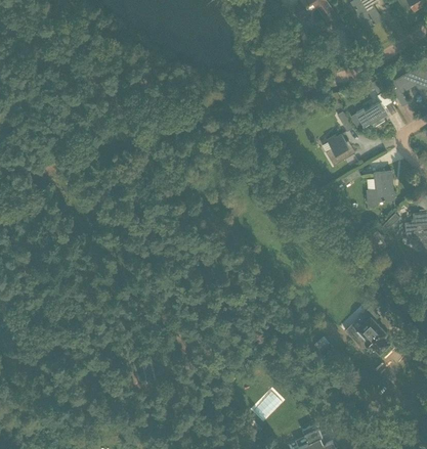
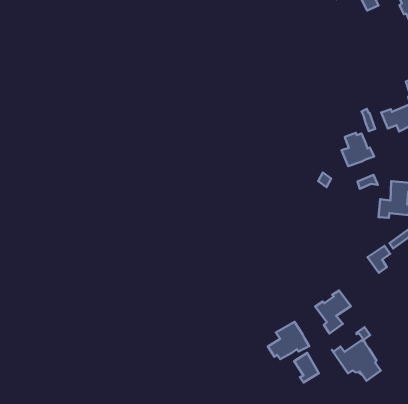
building: none -> [315,290,351,334]
building: none -> [268,322,309,359]

